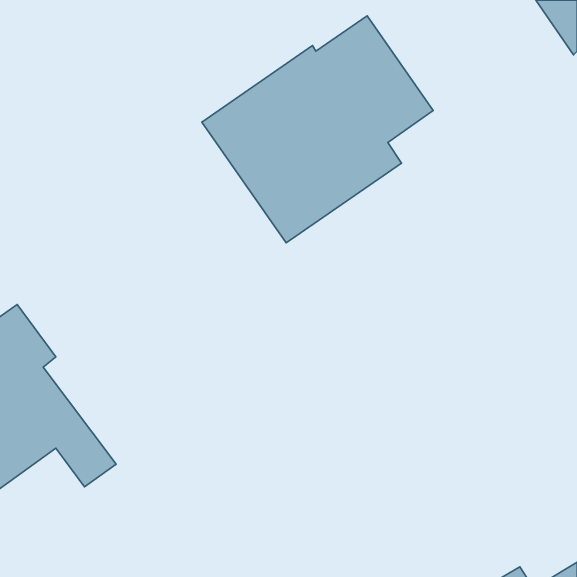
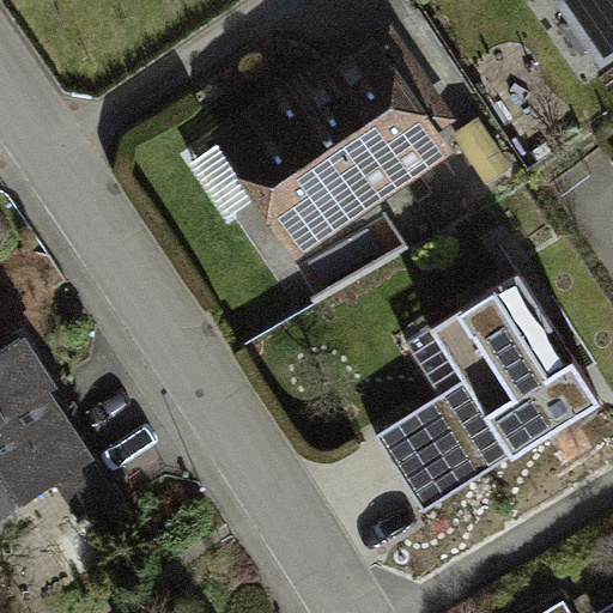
building: none -> [376,275,599,514]

